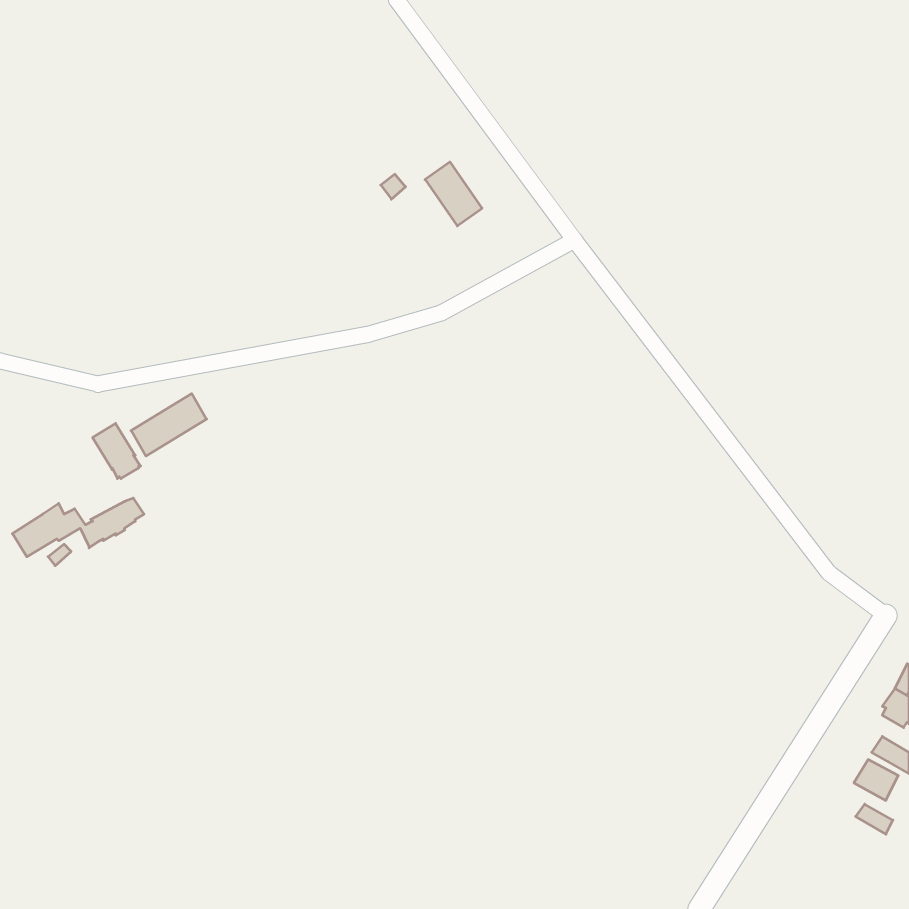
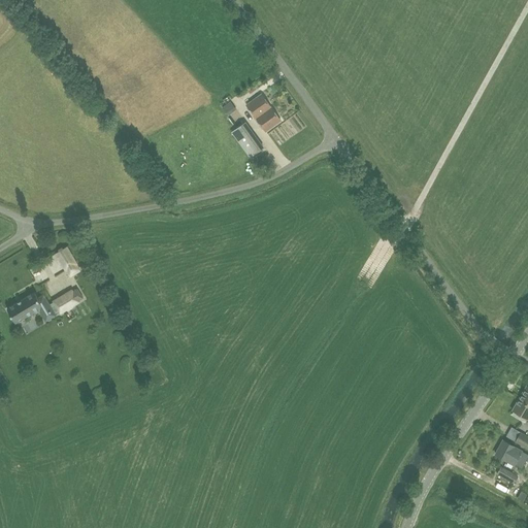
building: none -> [232,123,263,157]
building: [131,394,207,456] -> none

